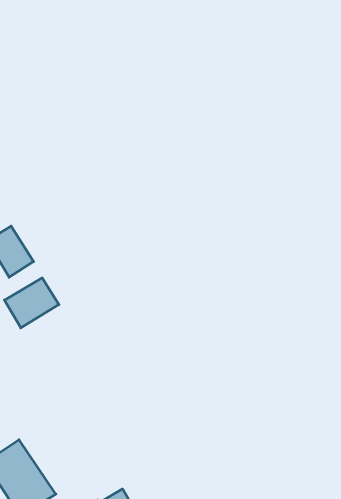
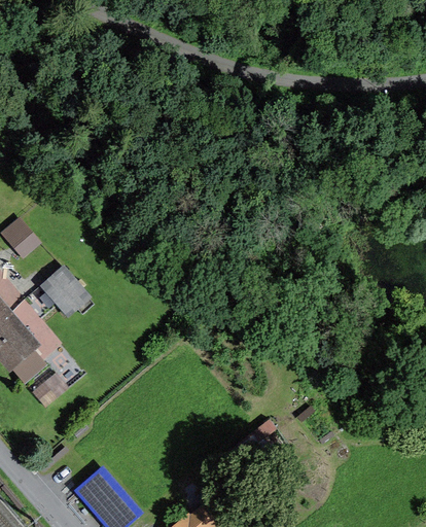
building: [4,278,59,328] -> none

